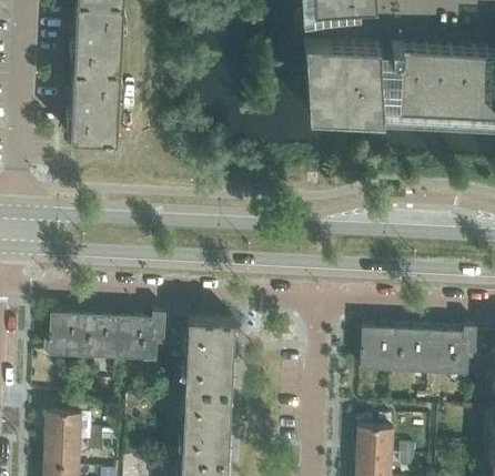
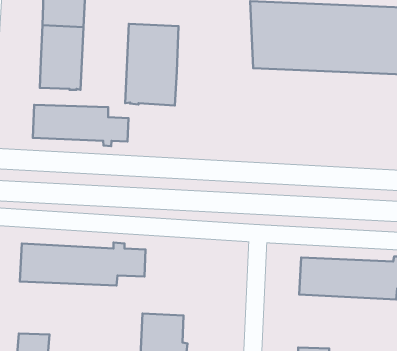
building: none -> [125,24,179,105]
building: none -> [33,105,129,146]
building: [184,318,238,392] -> none

